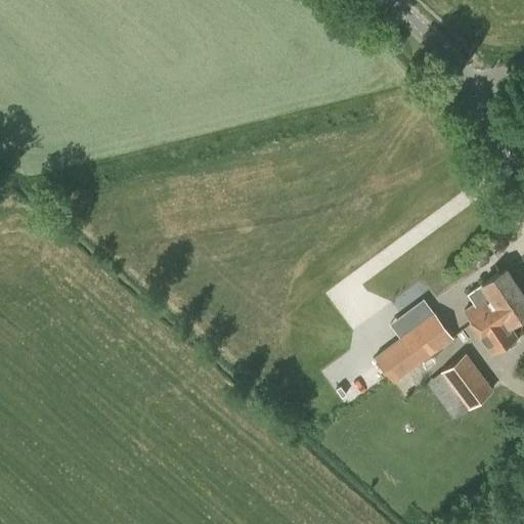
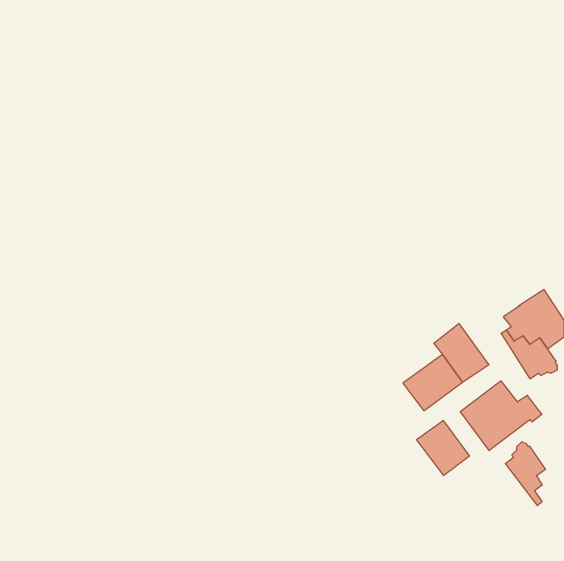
building: none -> [417,420,469,476]
building: none -> [505,442,545,506]

